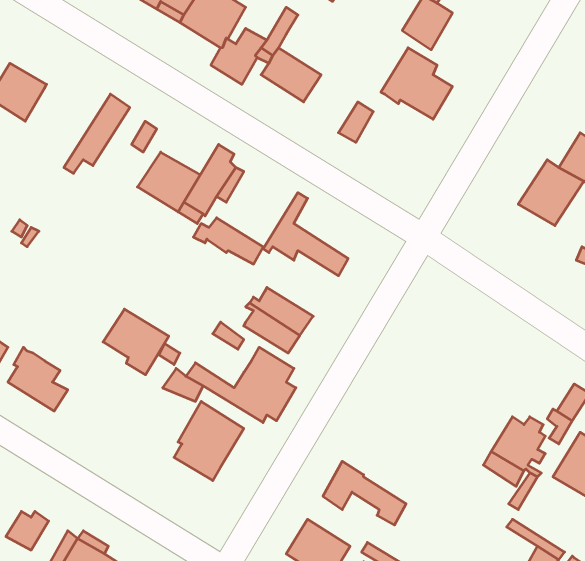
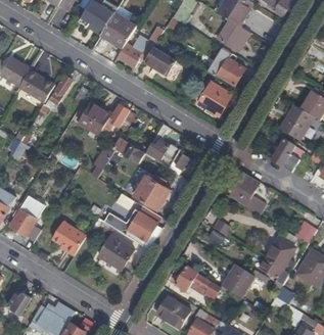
building: none -> [18,67,54,101]
building: none -> [198,81,231,114]
building: none -> [273,140,299,172]
building: none -> [232,176,261,208]
building: [103,309,169,375] -> [52,219,87,253]
building: none -> [205,218,232,247]
building: none -> [223,265,254,296]

